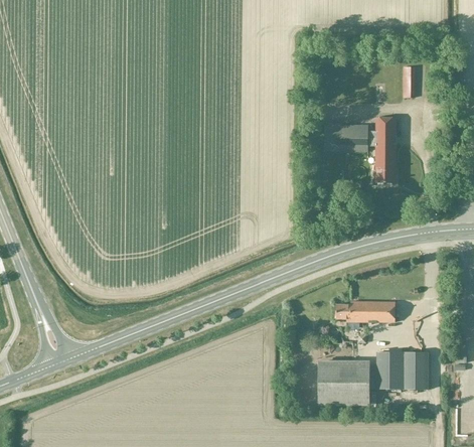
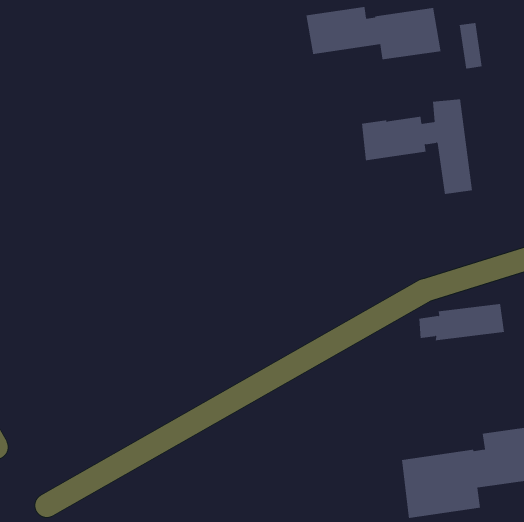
building: none -> [306,6,441,60]
building: [336,301,396,322] -> [418,304,505,341]

